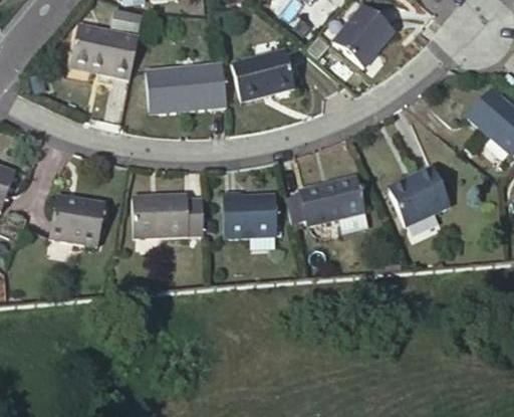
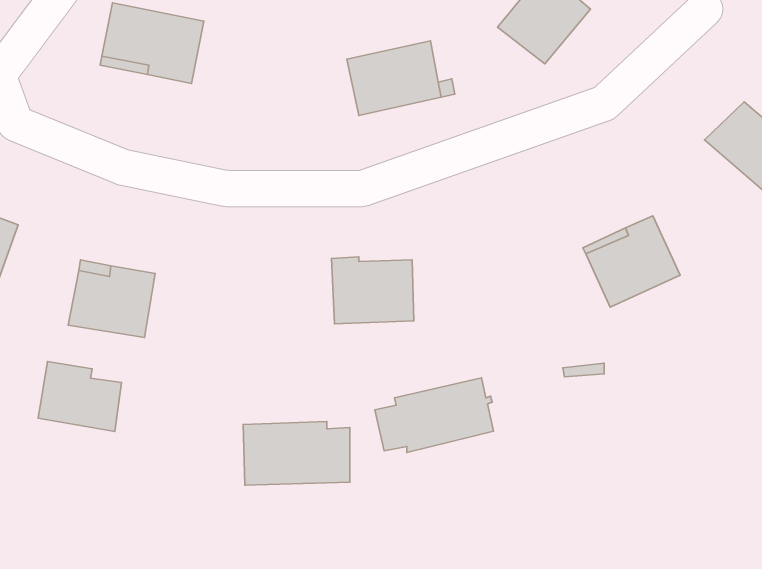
building: [146,62,226,112] -> none
building: [285,176,363,225] -> [375,378,494,452]
building: [133,194,203,236] -> [243,421,350,485]
building: none -> [38,362,121,431]

